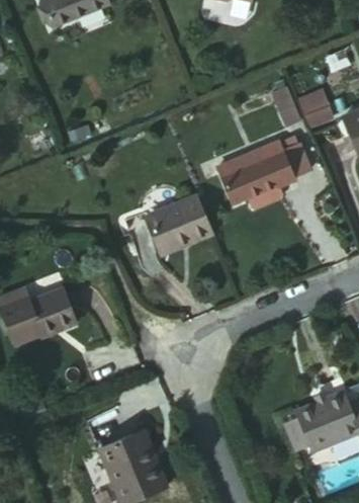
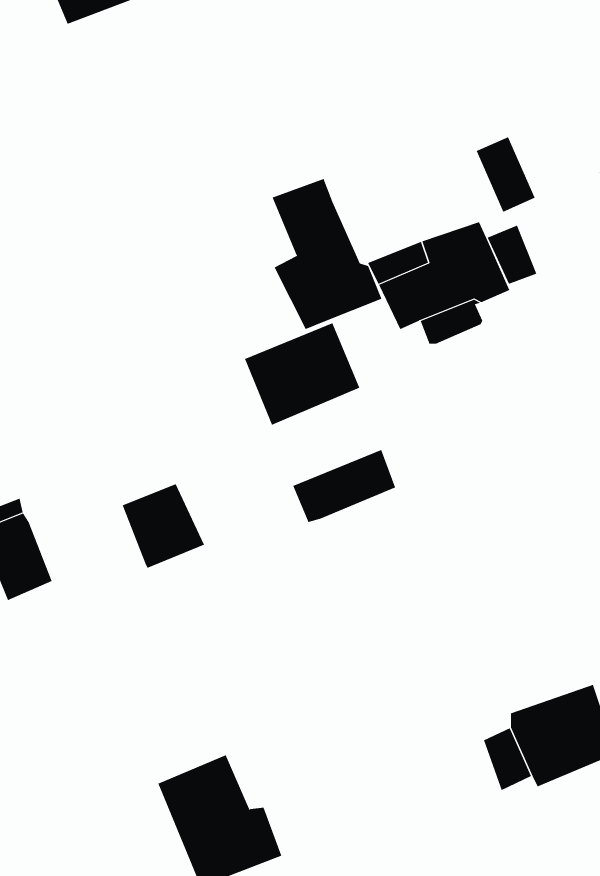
building: [304,91,339,129] -> none
building: none -> [272,178,382,330]
building: none -> [292,449,396,523]
building: [26,290,73,338] -> [122,483,205,568]

